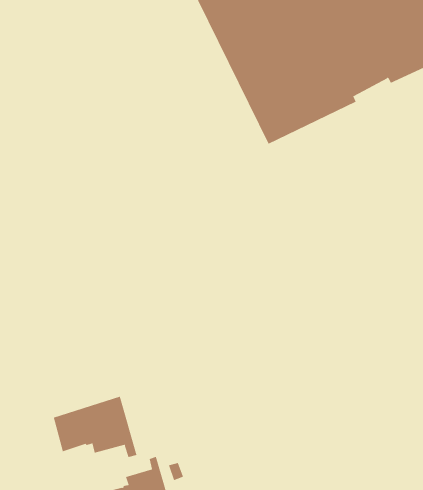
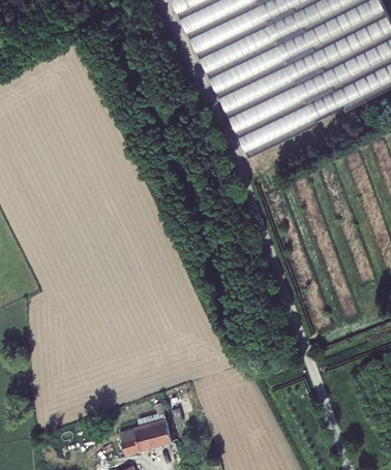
building: [53,396,137,458] -> none

